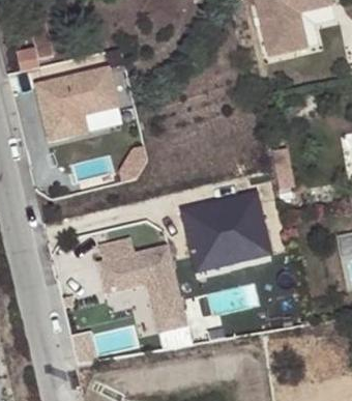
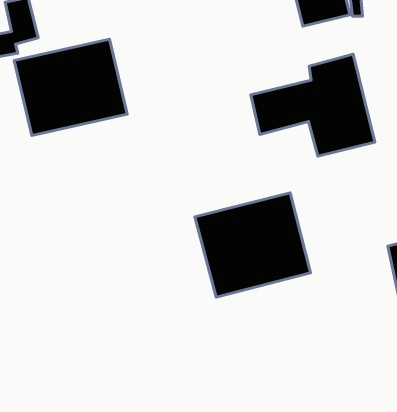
building: none -> [251,54,375,156]
building: [97,236,195,347] -> none

